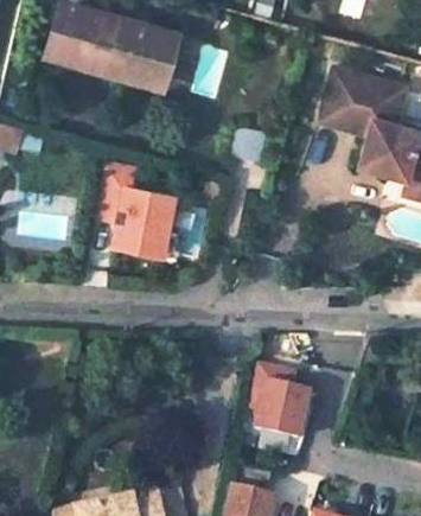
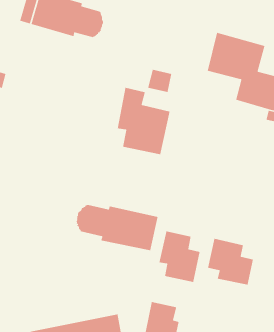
building: [95,155,174,256] -> [117,87,171,155]
building: none -> [76,204,159,251]
building: none -> [207,238,254,285]

